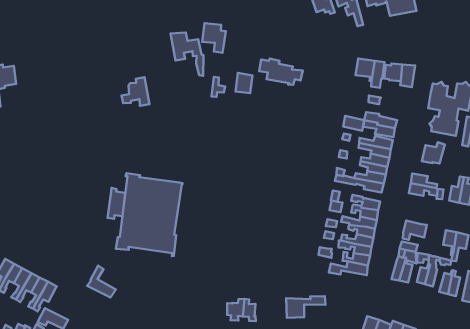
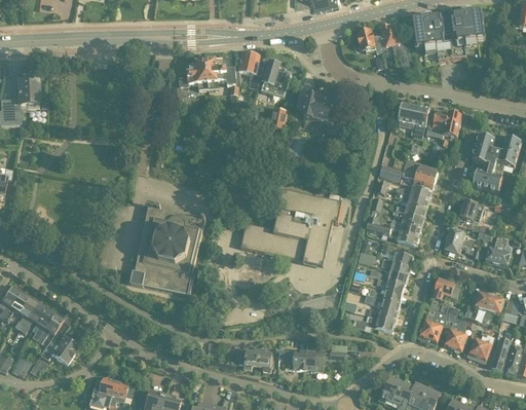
building: none -> [262,63,292,95]
building: [122,77,149,106] -> [180,61,209,90]
building: none -> [240,190,342,263]
building: [107,188,125,219] -> none
building: [87,266,116,298] -> [49,320,79,355]
building: none -> [279,348,305,371]

